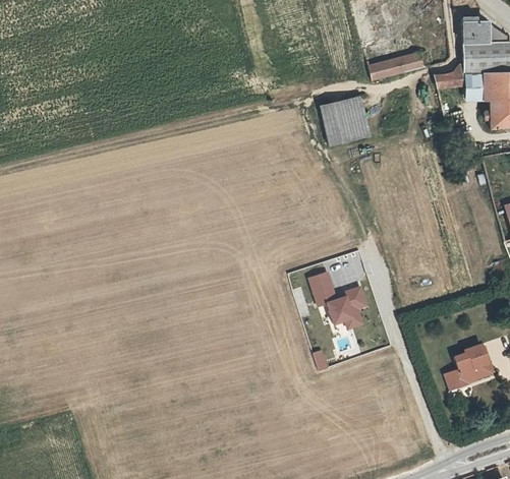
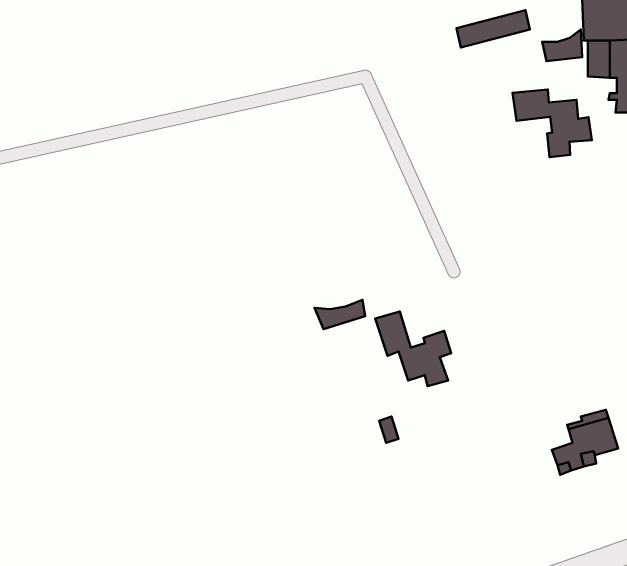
building: [320,95,369,142] -> none
building: none -> [512,90,592,157]
building: none -> [315,300,365,329]

